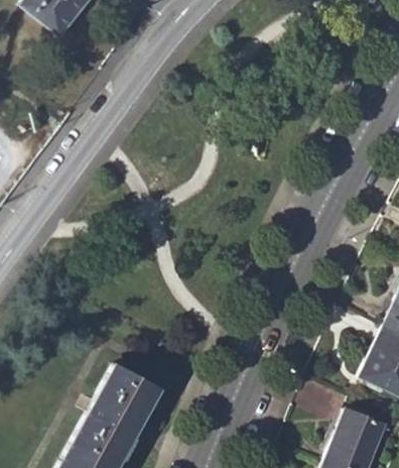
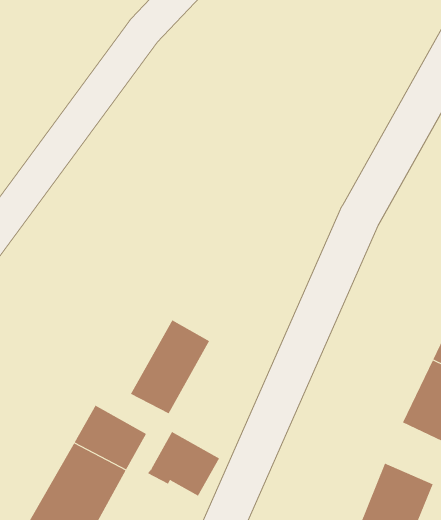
building: none -> [130,320,210,414]
building: none -> [147,431,220,496]

